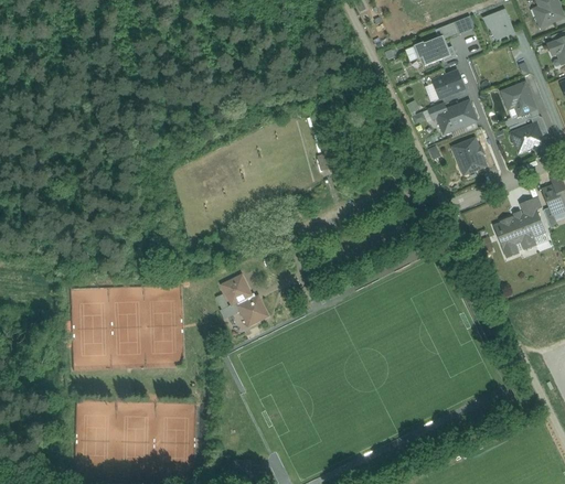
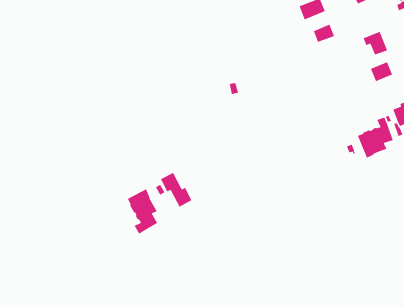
building: [437,101,473,130] -> none
building: [451,137,487,174] -> none
building: none -> [127,188,158,235]

